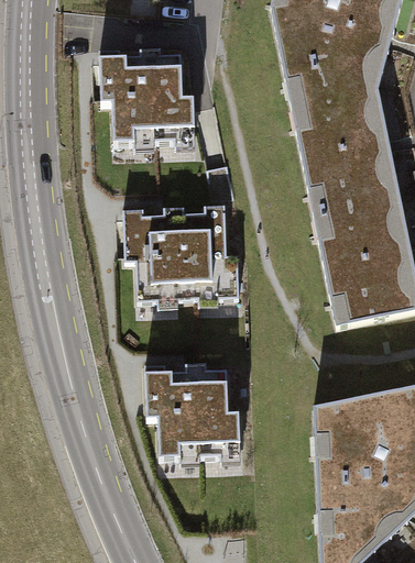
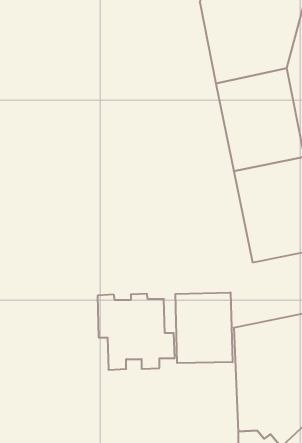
building: [100,51,195,144] -> none
building: [124,203,239,297] -> none
building: none -> [175,292,232,363]

